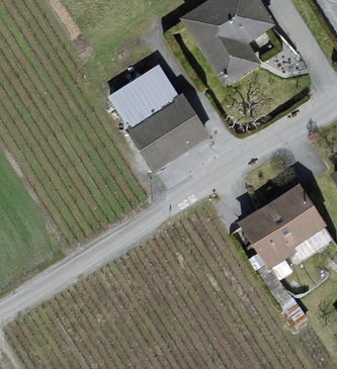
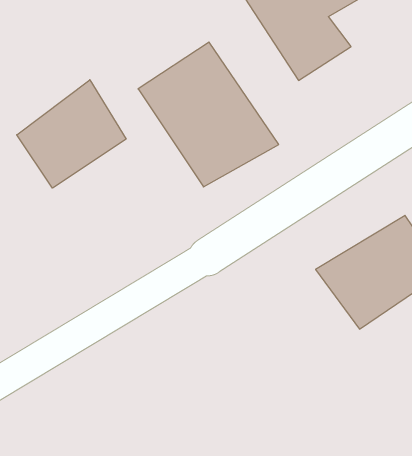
building: none -> [17,80,126,188]

